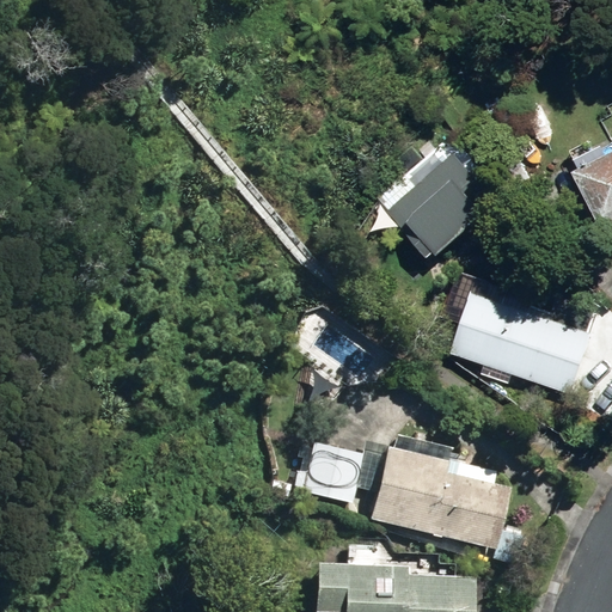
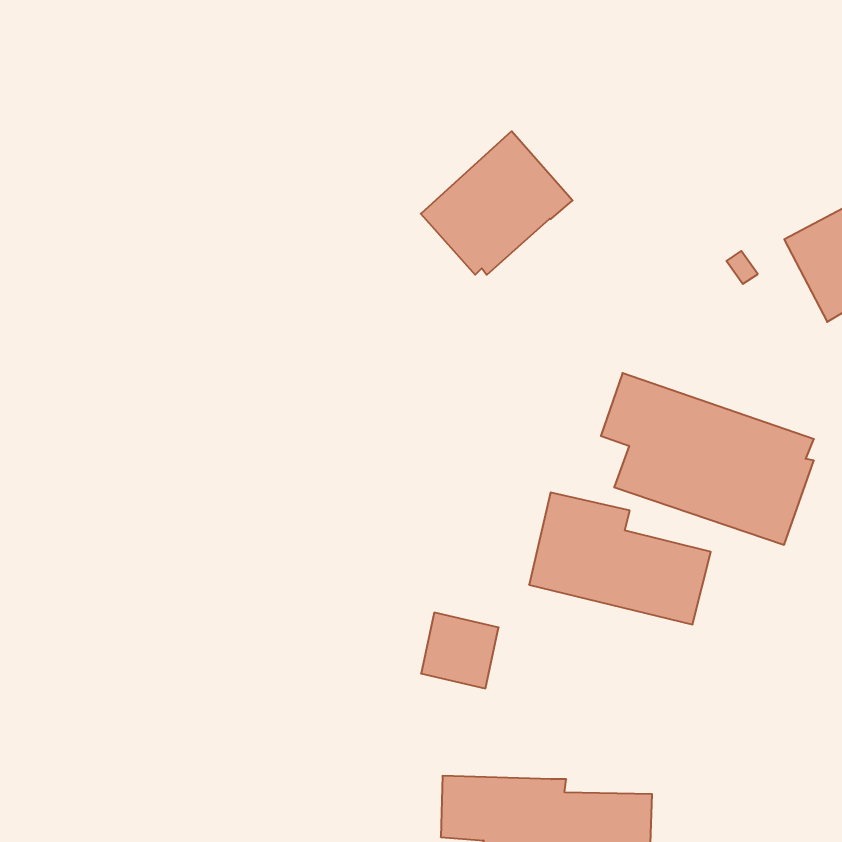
building: [384,153,494,257] -> [421,131,573,275]
building: [377,448,508,544] -> [529,492,711,624]

